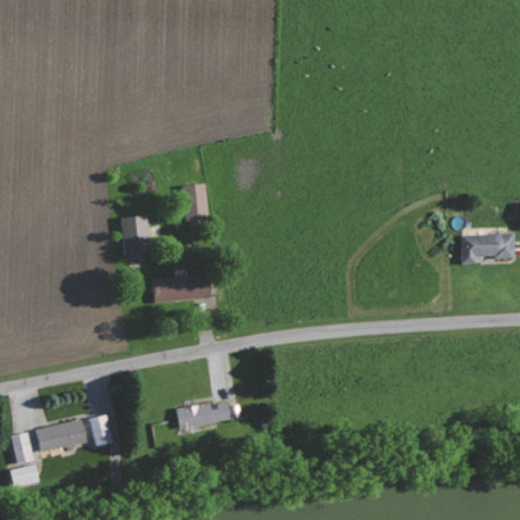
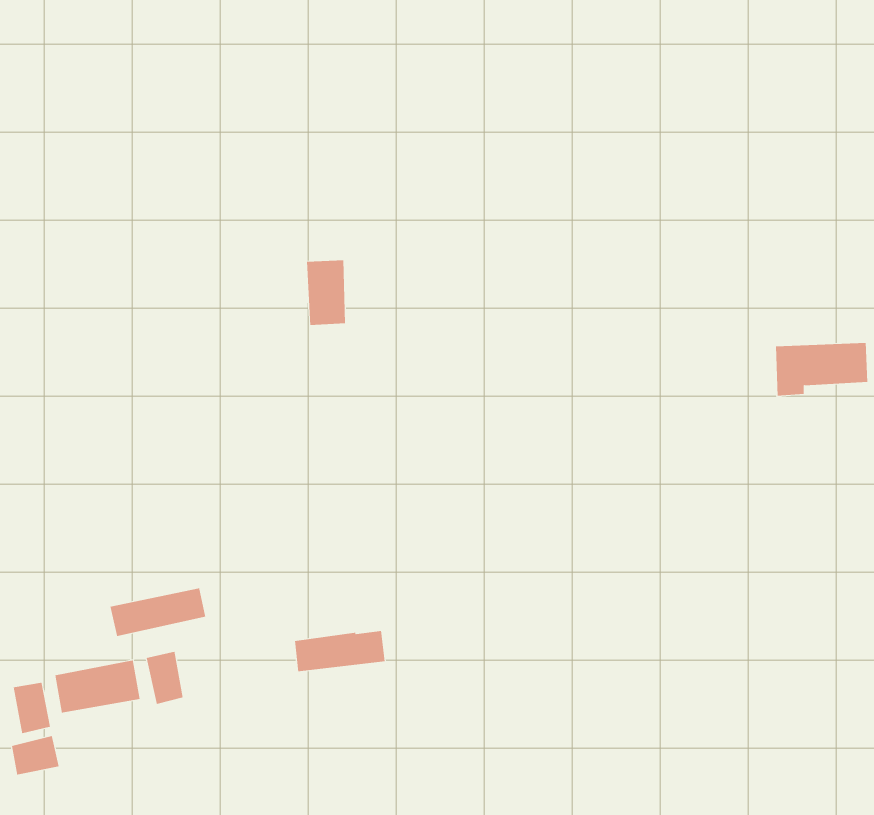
building: [123,216,148,254] -> none
building: [152,272,211,304] -> none
building: none -> [110,588,206,637]

